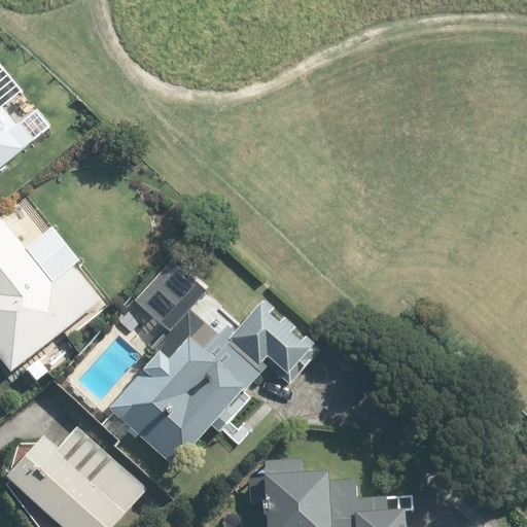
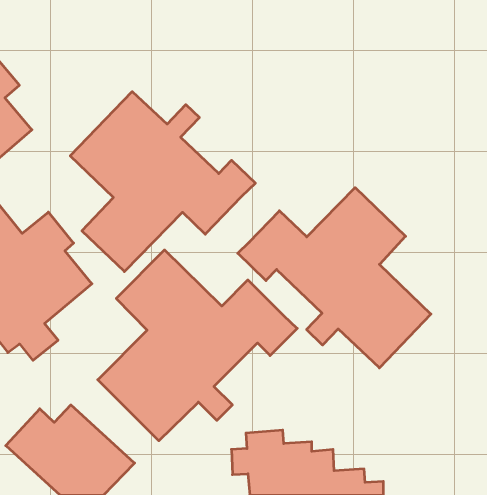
building: none -> [70,92,255,272]
building: none -> [238,188,431,368]

